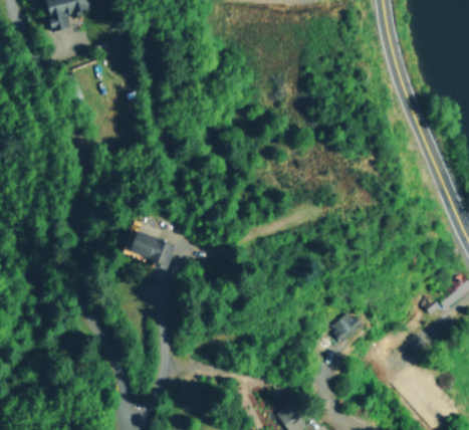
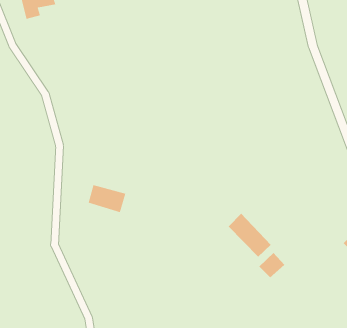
building: none -> [228,213,271,257]

